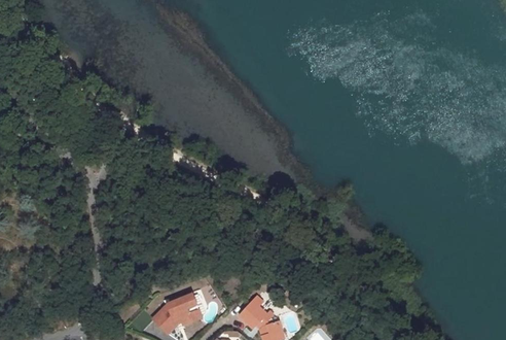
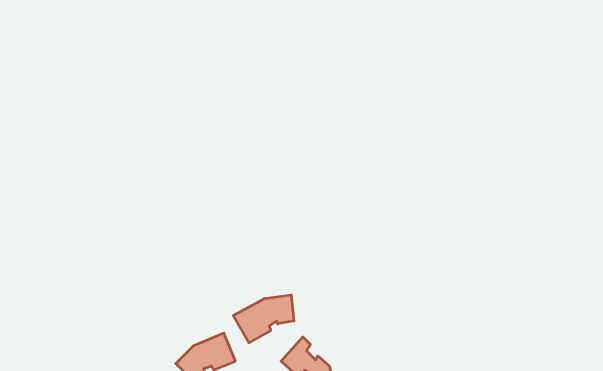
building: none -> [233,295,294,343]

